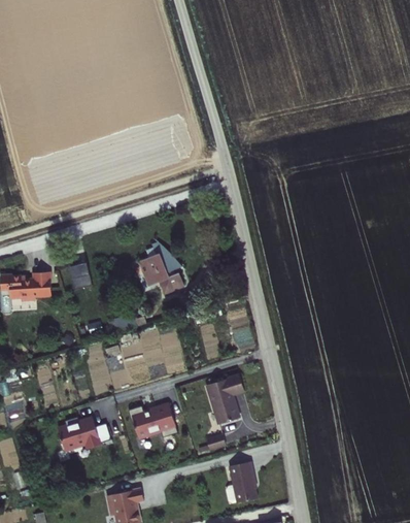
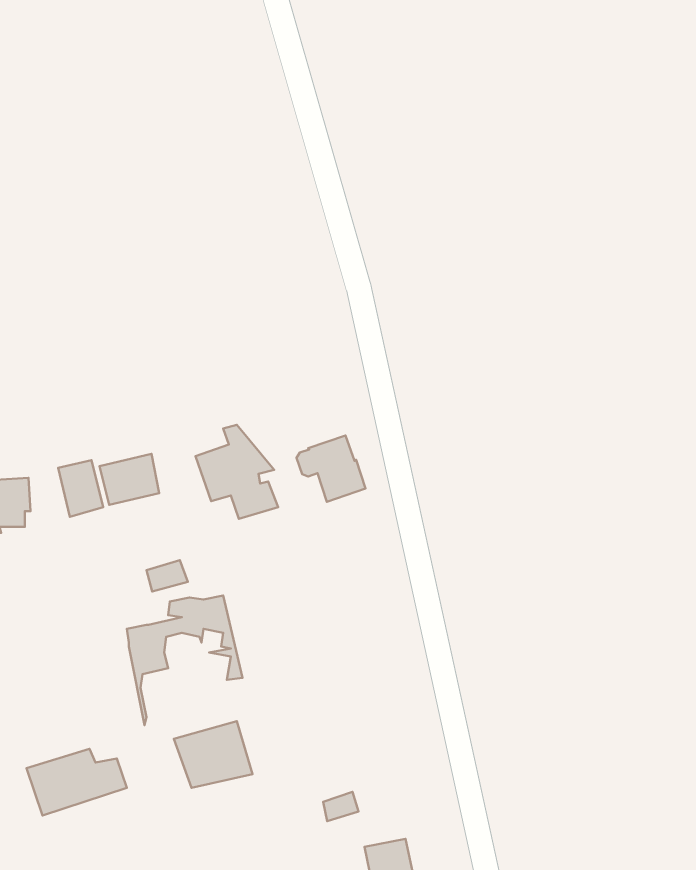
building: none -> [296,436,365,502]
building: none -> [100,454,159,505]
building: [206,373,244,423] -> none

